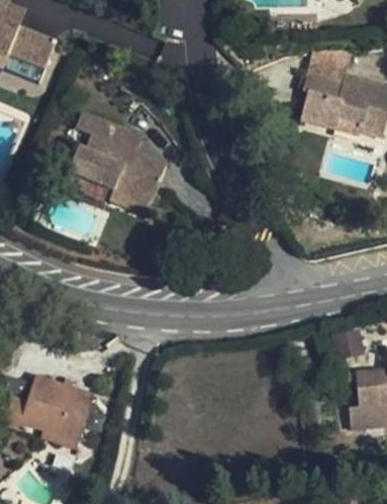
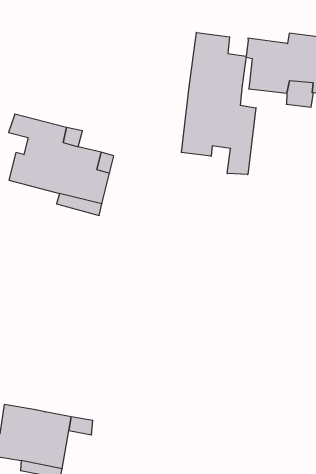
building: [306,49,352,82] -> none
building: none -> [182,32,256,175]

